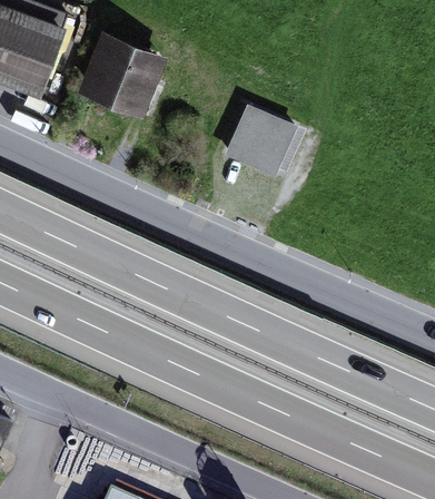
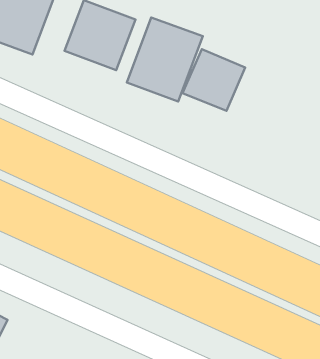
building: none -> [127,17,203,101]

